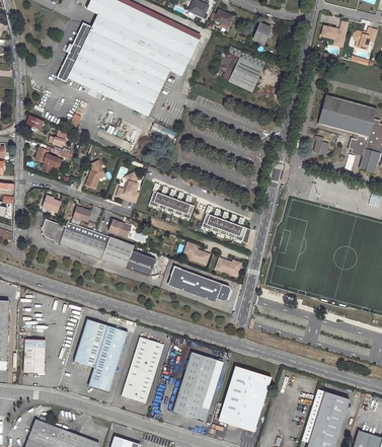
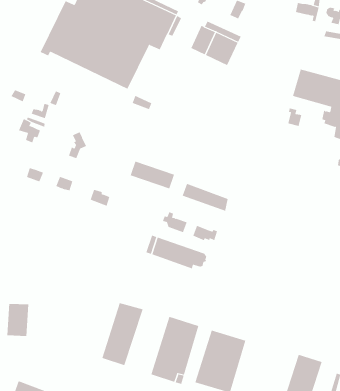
building: [117,172,140,203] -> none
building: [41,219,155,276] -> none
building: [74,318,128,390] -> none

